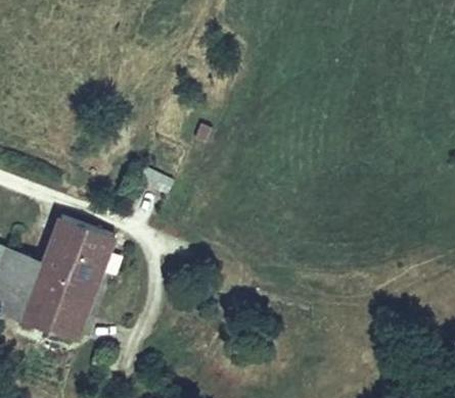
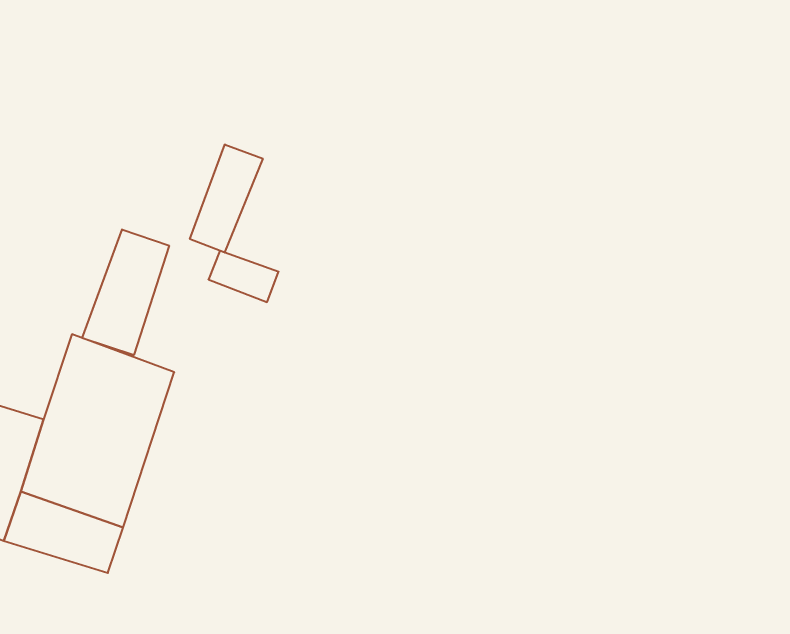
building: none -> [190,144,263,253]
building: none -> [82,229,169,355]

